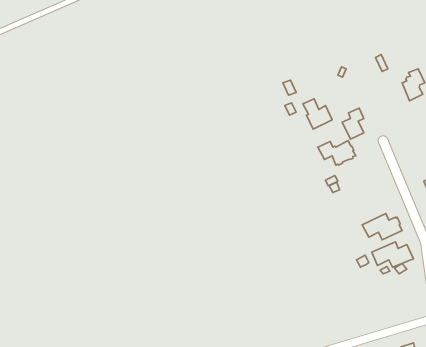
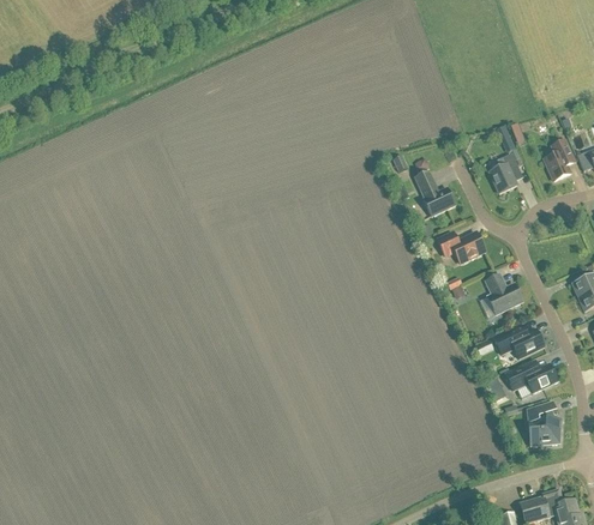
building: [342,108,364,139] -> [488,153,516,193]
building: none -> [486,274,522,314]
building: none -> [527,400,560,445]

